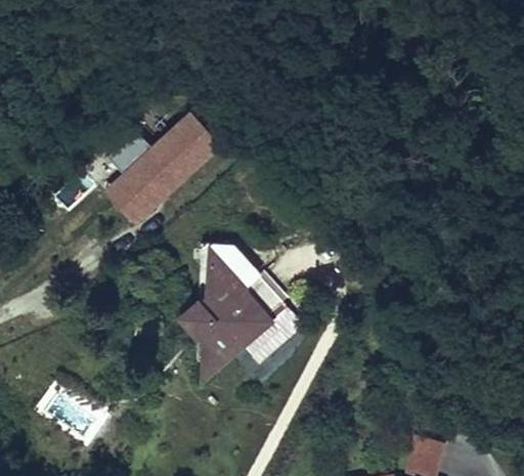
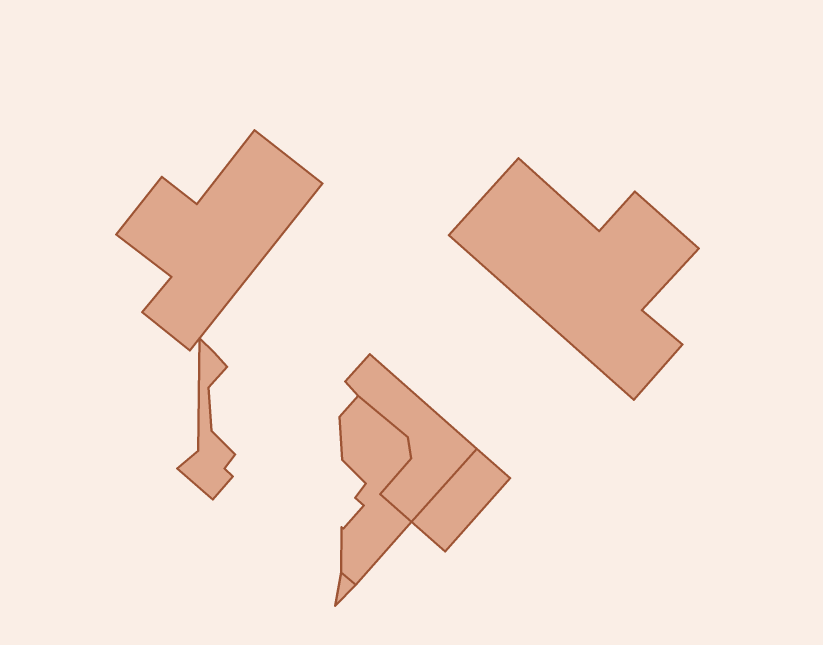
building: none -> [449,158,699,400]
building: [186,248,223,340] -> [177,338,235,499]

